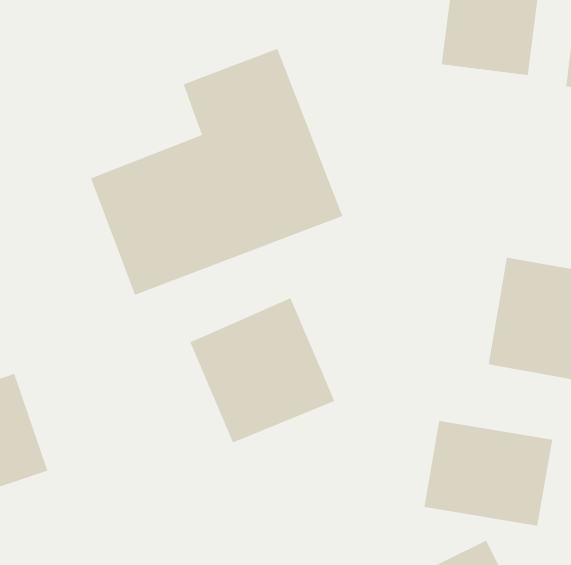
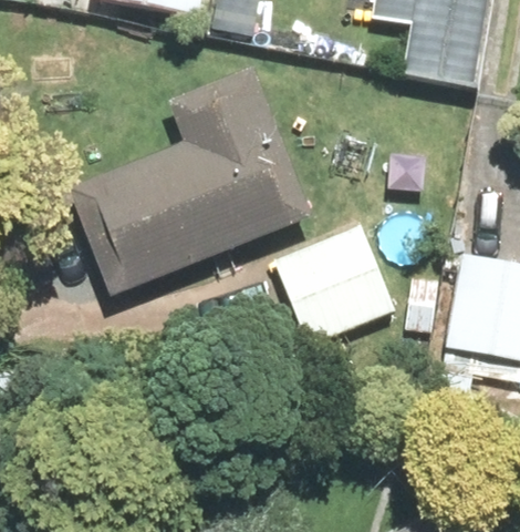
building: [189,298,335,443] -> [267,216,397,347]
building: [424,420,553,527] -> none

